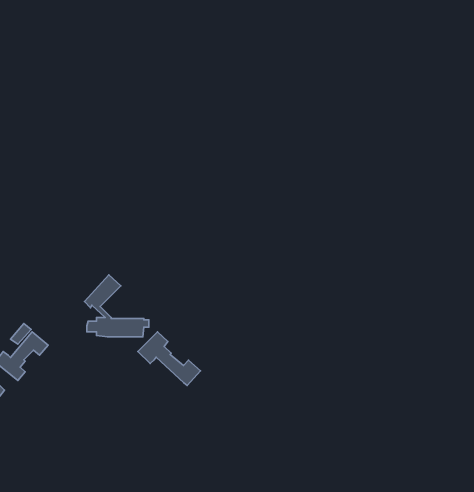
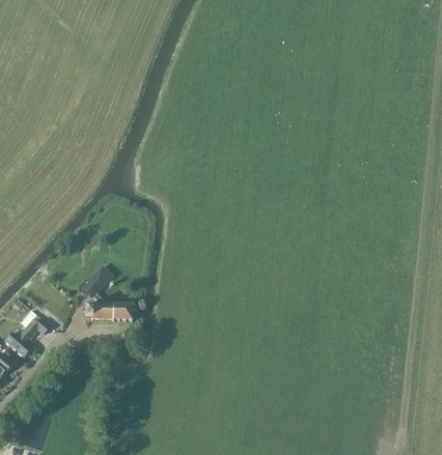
building: [138,332,201,385] -> none

